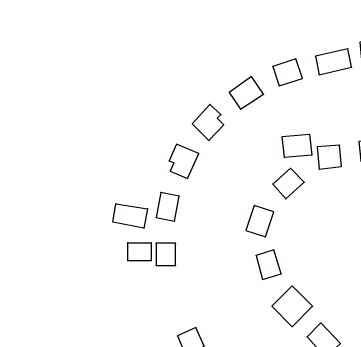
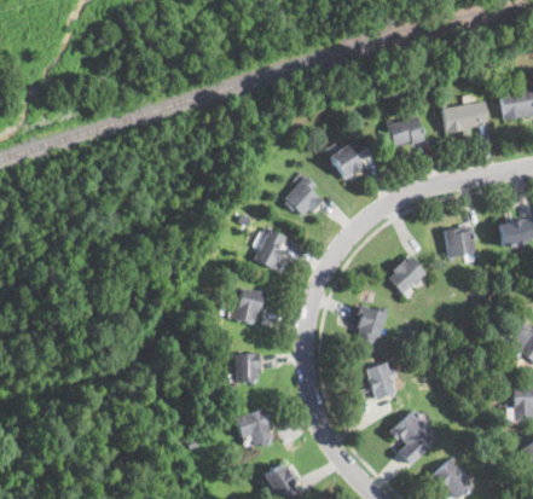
building: [282,134,312,158] -> none
building: [113,204,148,228] -> none
building: [128,243,151,261] -> none
building: none -> [237,410,273,448]

